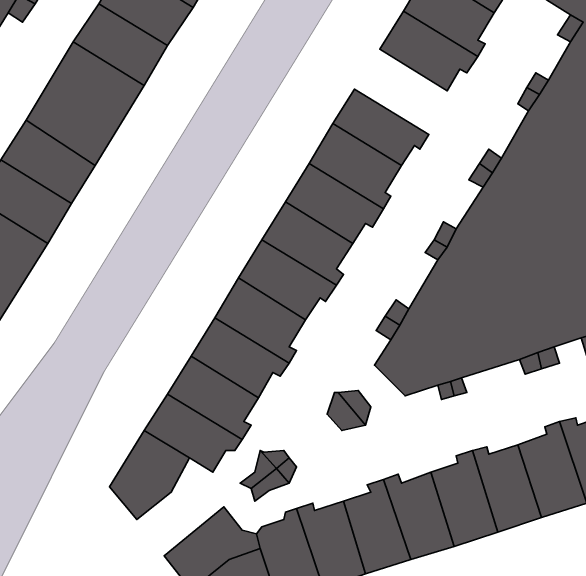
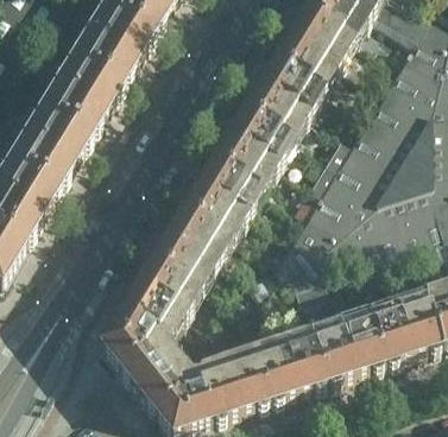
building: none -> [260,57,321,113]
building: none -> [118,324,175,388]

